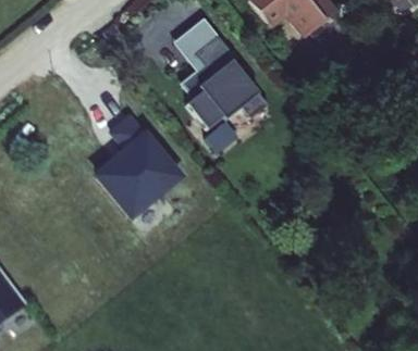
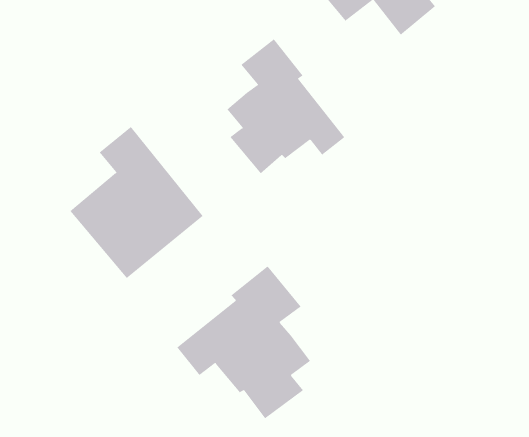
building: [177,23,221,78] -> none
building: none -> [177,266,311,419]

